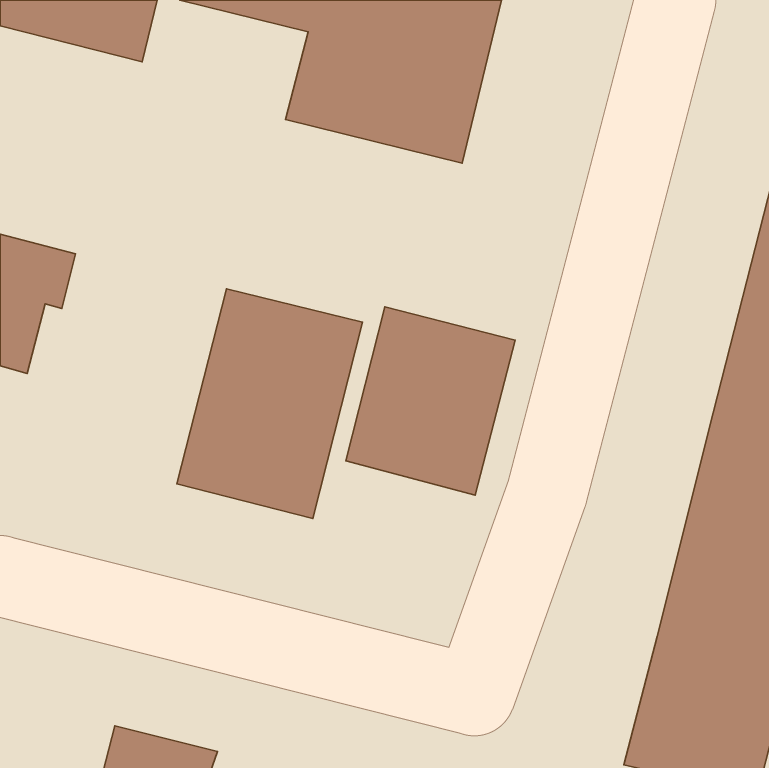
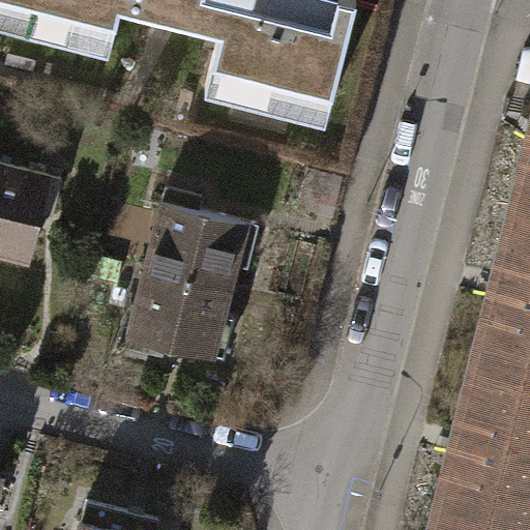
building: [346,307,515,495] -> none

